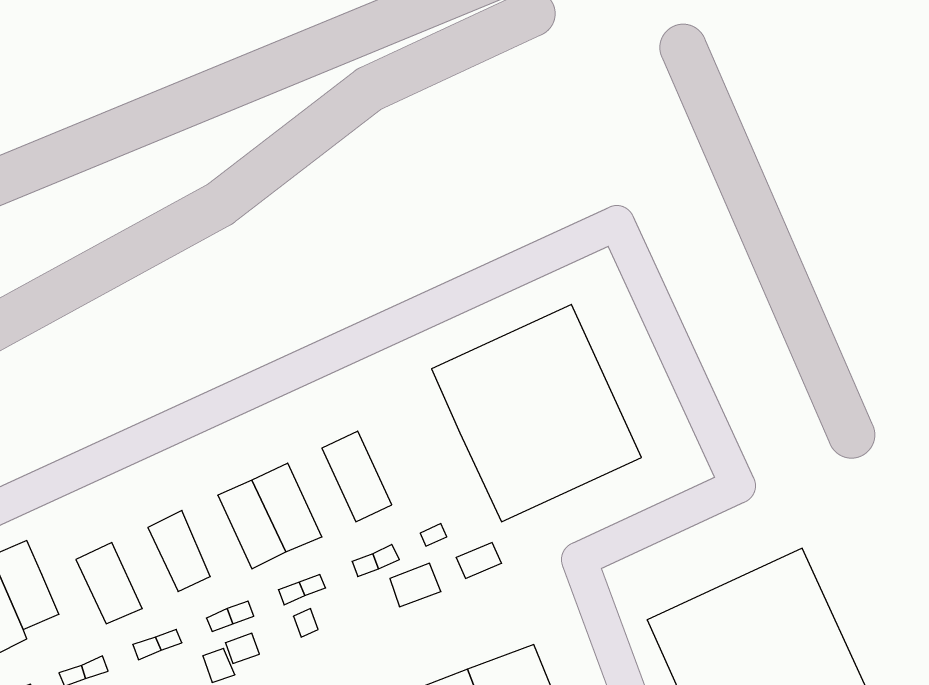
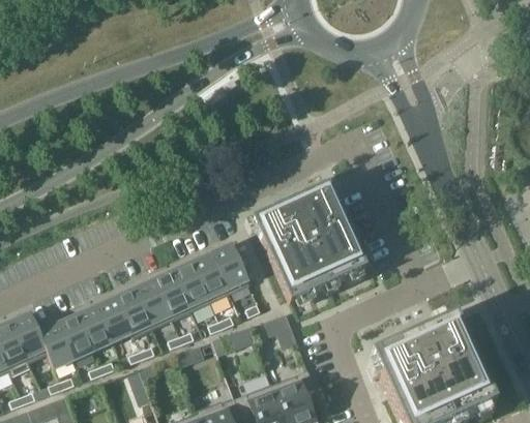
building: none -> [212,244,251,294]
building: none -> [174,263,211,311]
building: none -> [116,289,154,338]
building: none -> [78,306,114,351]
building: none -> [39,324,75,368]

